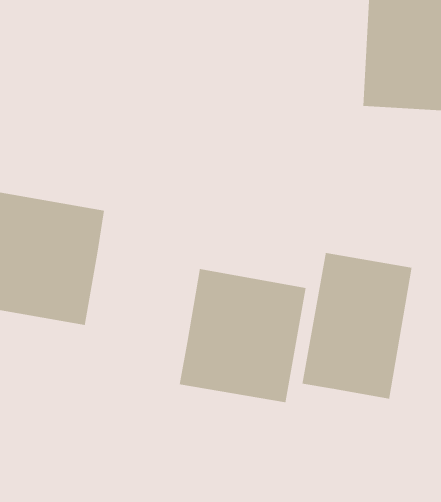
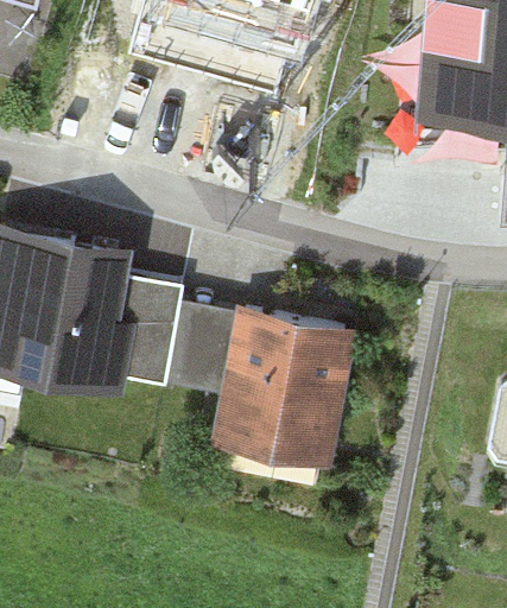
building: none -> [113,294,239,395]
building: [302,252,412,399] -> none

